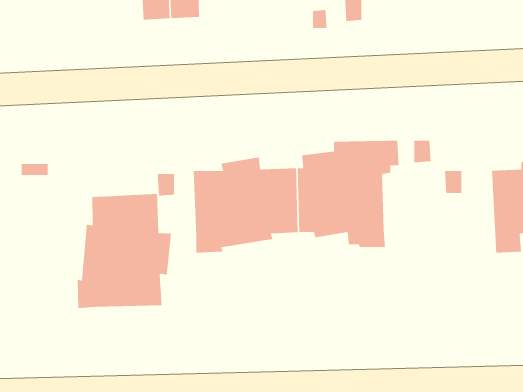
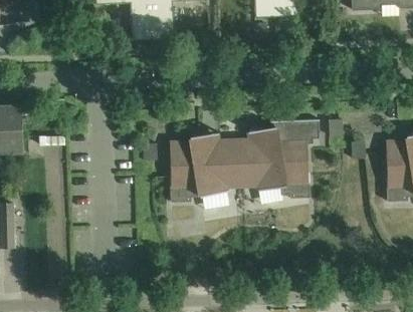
building: [77,193,172,309] -> none

